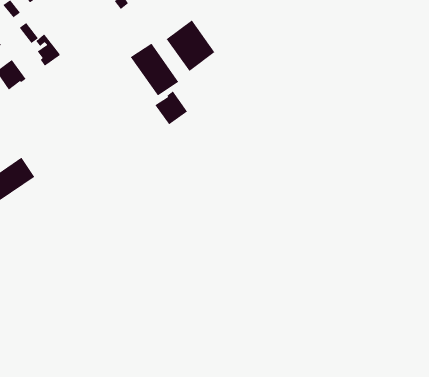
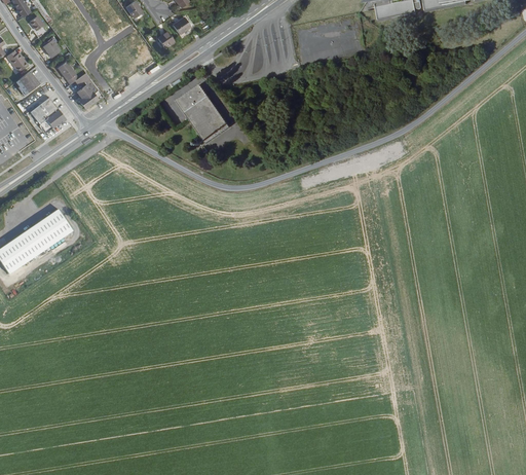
building: [166,19,215,72] -> none
building: [155,91,188,125] -> none

